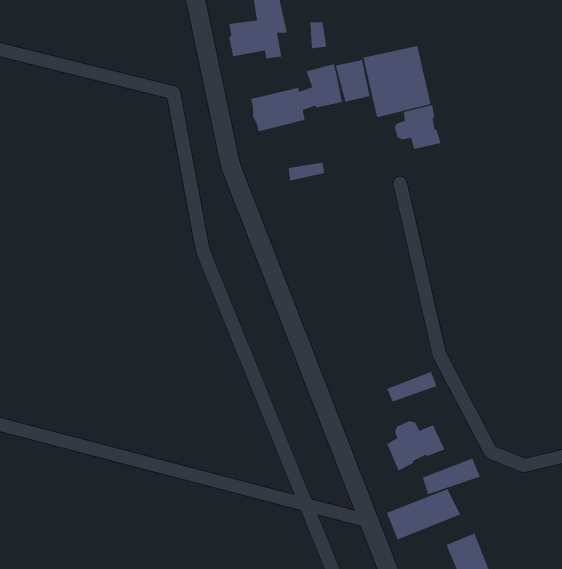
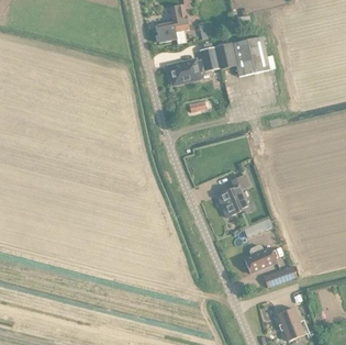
building: [394,104,442,150] -> none
building: none -> [215,175,249,216]
building: [386,488,461,540] -> none

